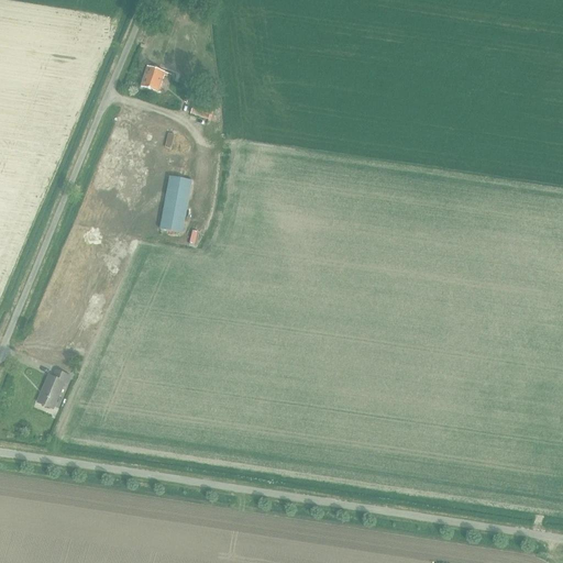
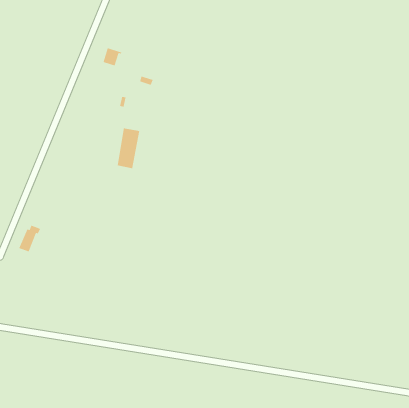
building: [37,368,69,407] -> [18,224,41,252]

